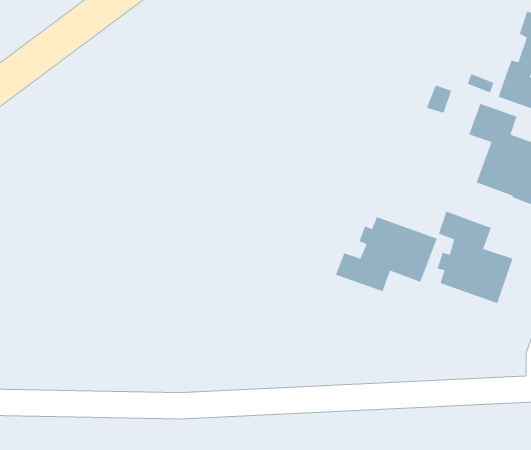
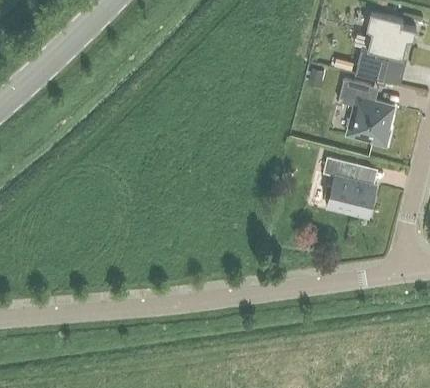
building: [335,216,438,292] -> none

